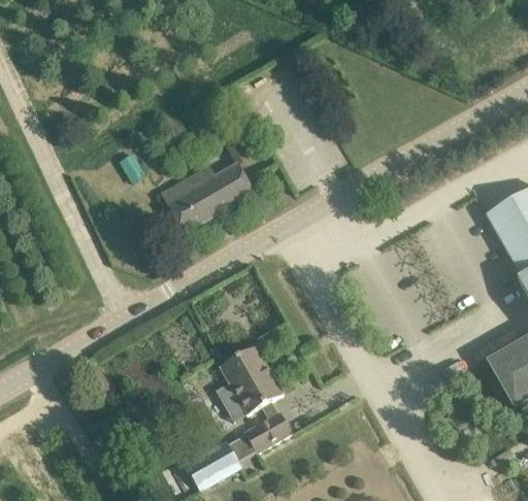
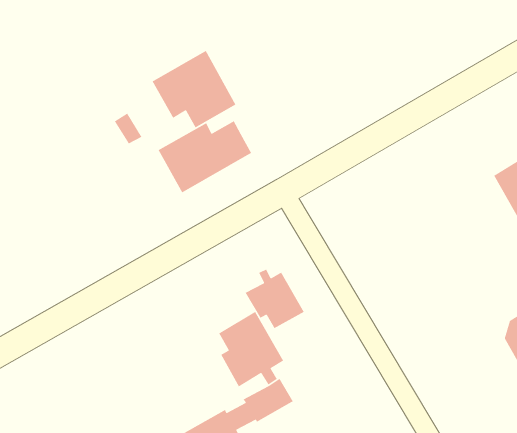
building: none -> [151,50,236,129]
building: none -> [244,269,305,329]

